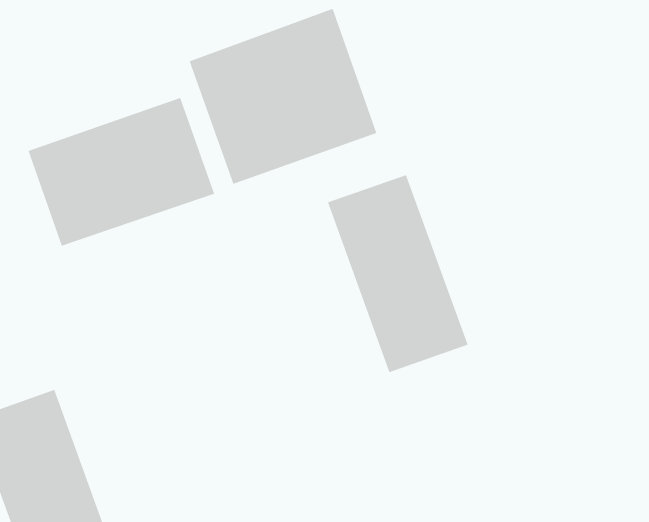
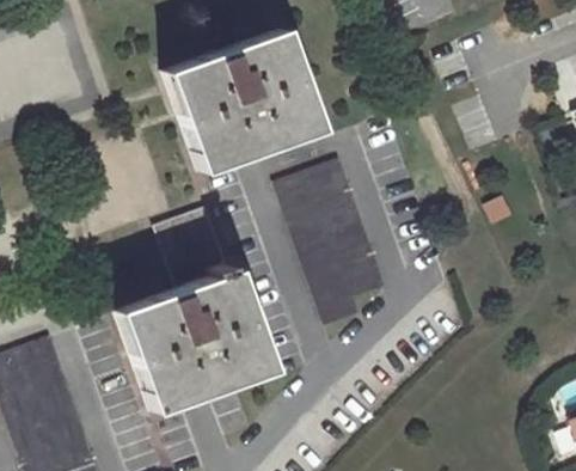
building: [28,97,215,247] -> none
building: none -> [117,213,271,416]

